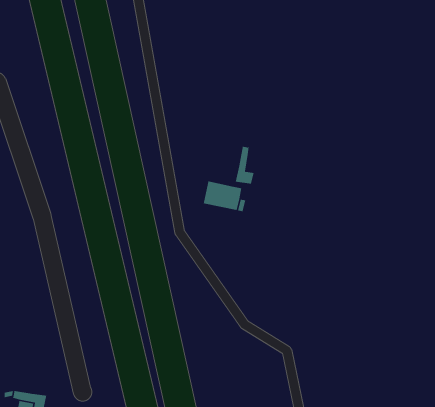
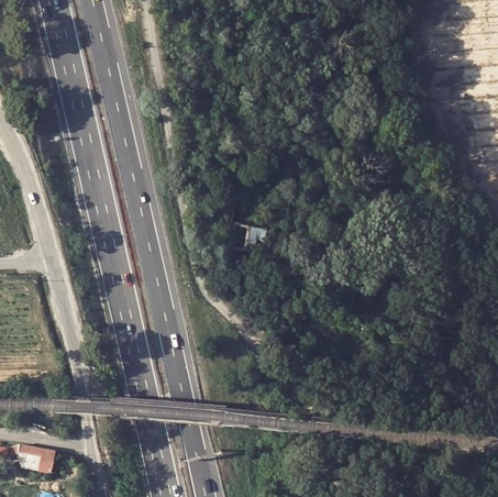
building: [235,146,254,184] -> none

